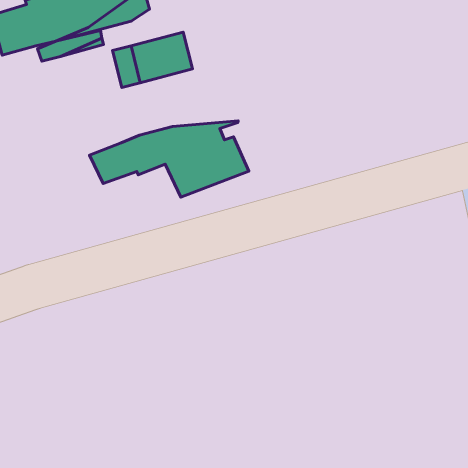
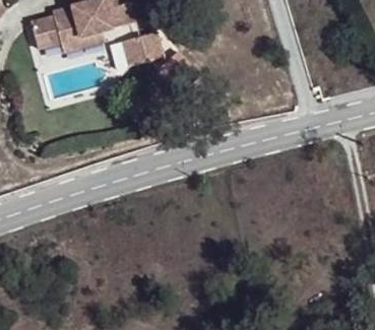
building: [90,121,249,197] -> none

